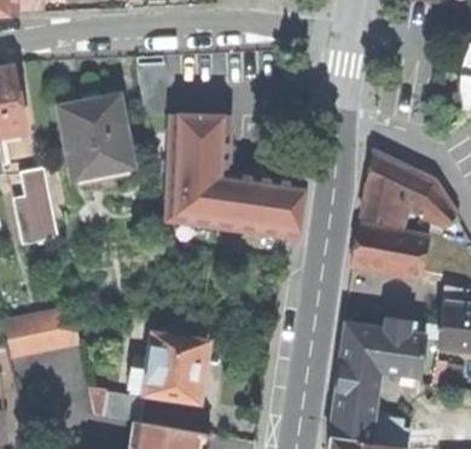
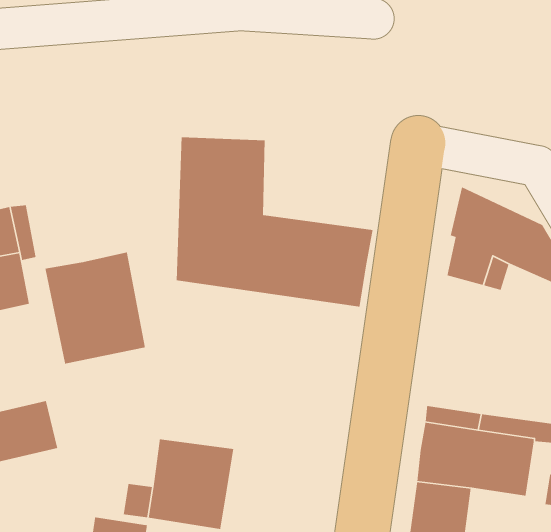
building: [58,98,132,180] -> [45,252,146,364]
building: [353,226,429,280] -> none

